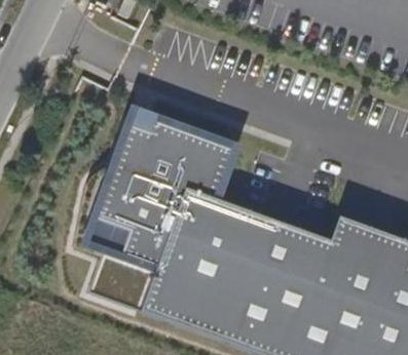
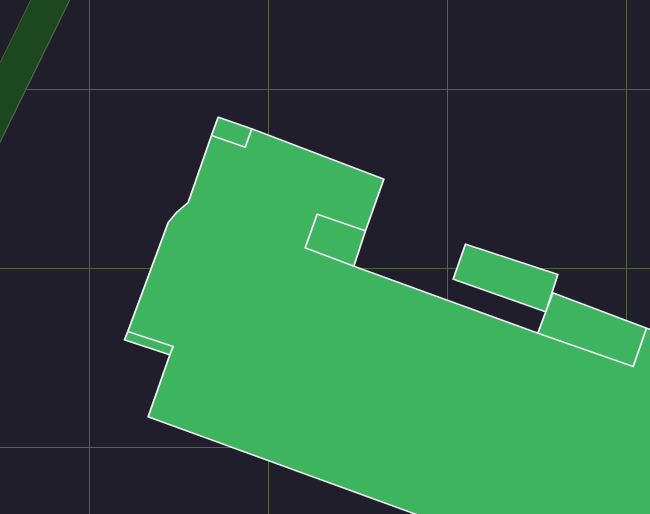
building: none -> [453,244,558,312]

